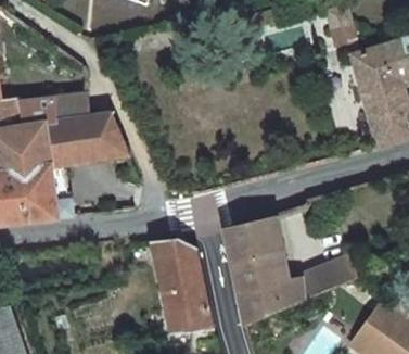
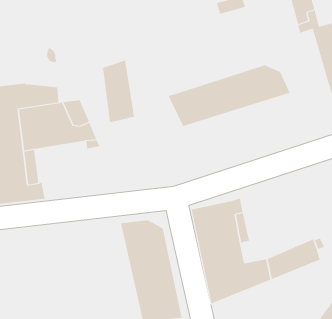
building: none -> [102,60,135,123]
building: none -> [168,64,291,127]

